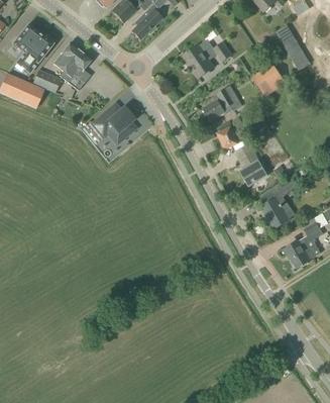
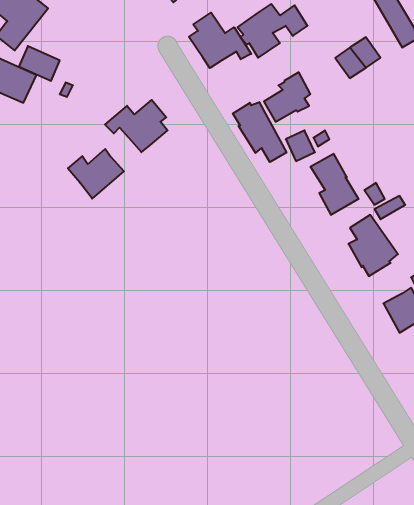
building: [52,42,91,90] -> none
building: none -> [189,13,251,68]
building: none -> [233,102,286,162]
building: none -> [68,149,124,199]

